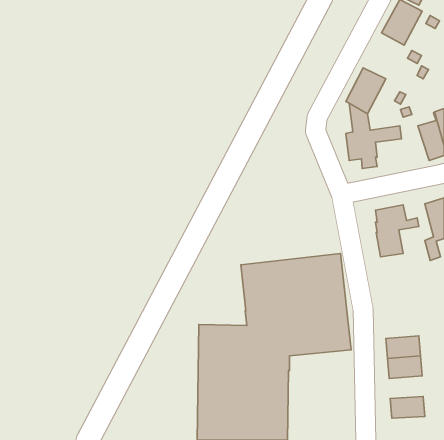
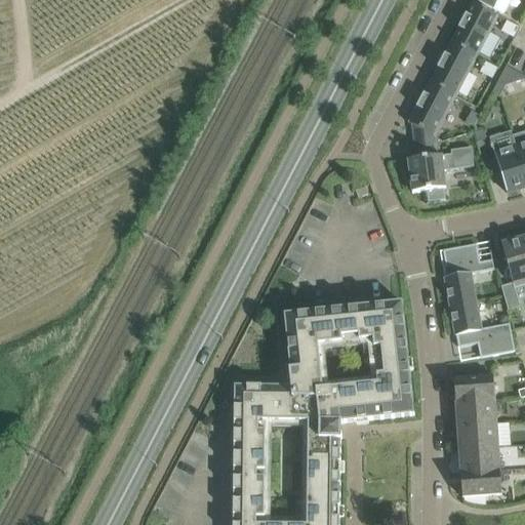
building: none -> [429,39,477,93]
building: none -> [449,299,515,356]
building: none -> [454,373,494,400]
building: none -> [459,444,499,471]

